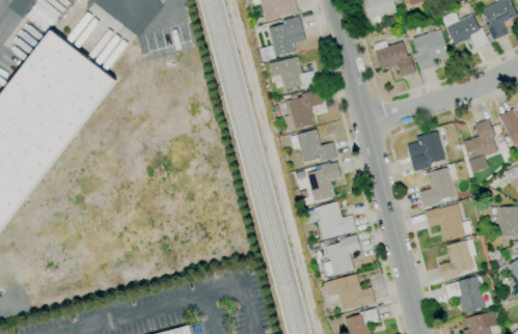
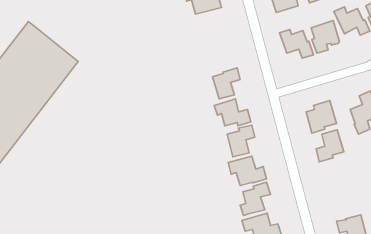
building: [268,16,305,57] -> none
building: [268,56,316,90] -> none
building: [425,204,472,242] -> none
building: [439,240,473,281] -> none

